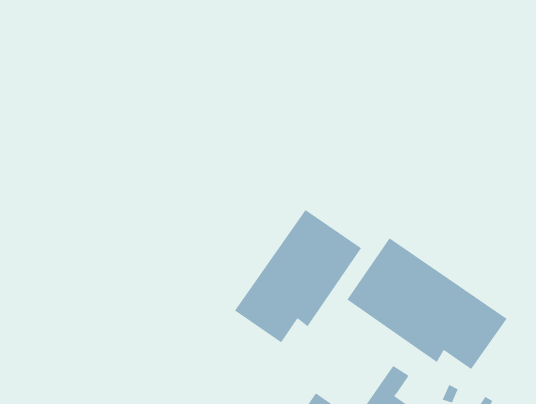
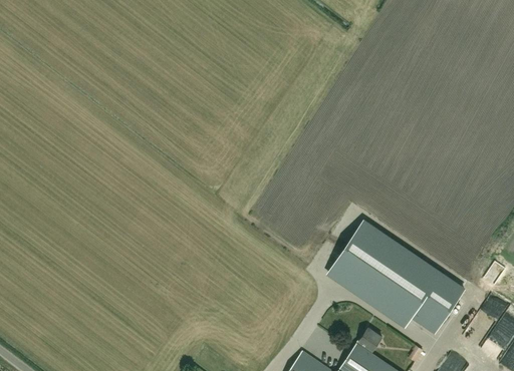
building: [234,209,362,343] -> none

